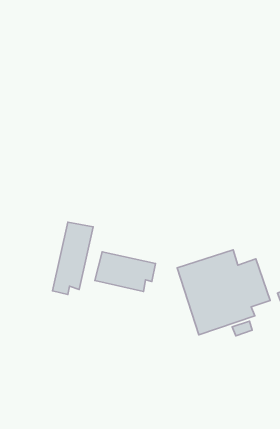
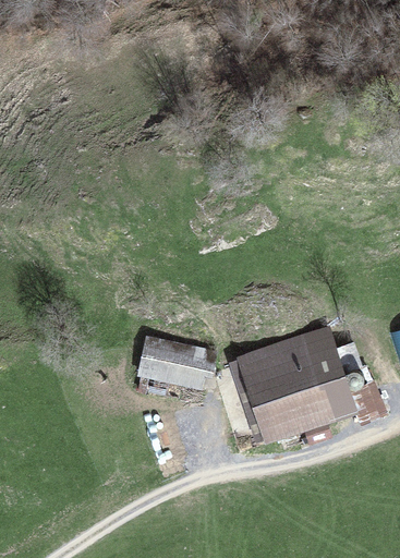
building: [53,222,93,295] -> none

